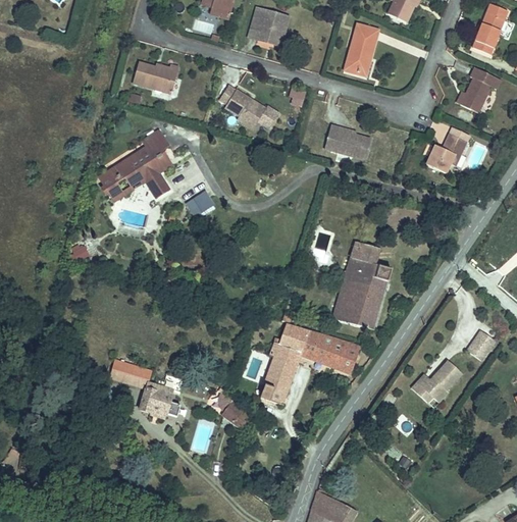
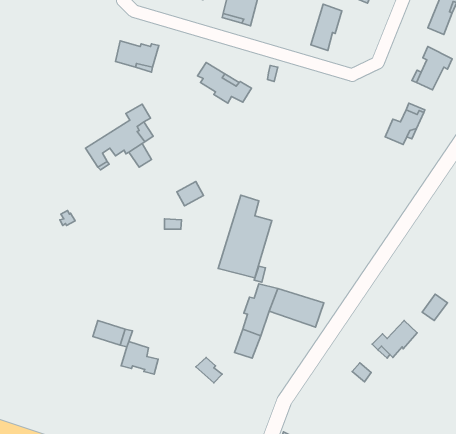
building: [323,123,369,159] -> none
building: [183,187,211,213] -> [177,181,203,206]
building: [335,239,394,328] -> [218,195,272,278]

